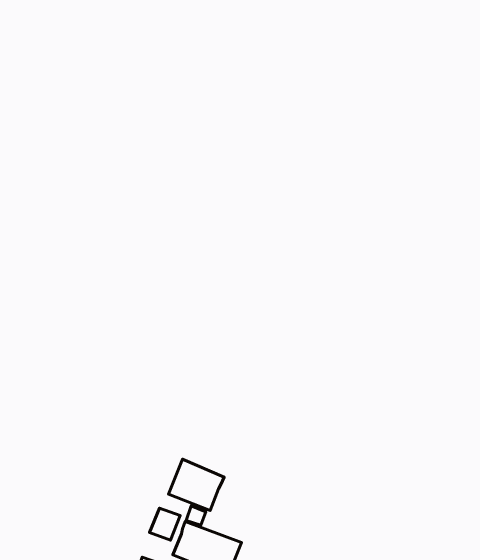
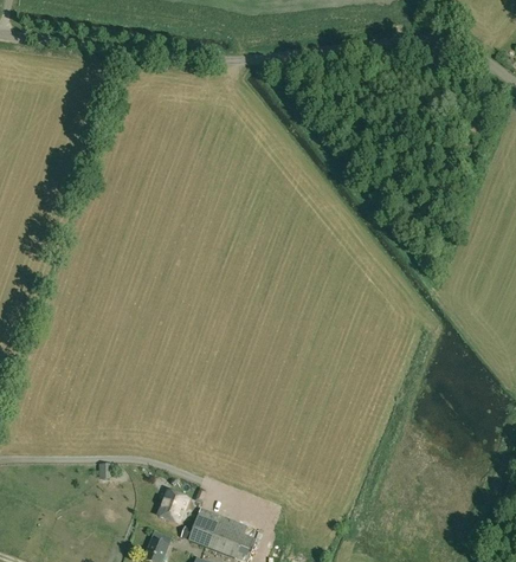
building: [169,459,224,511] -> none

